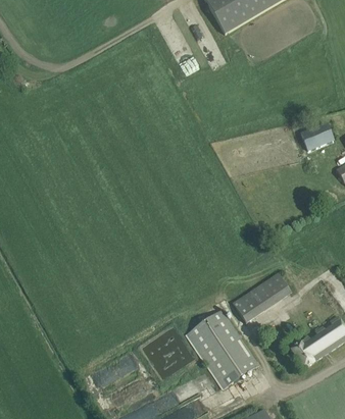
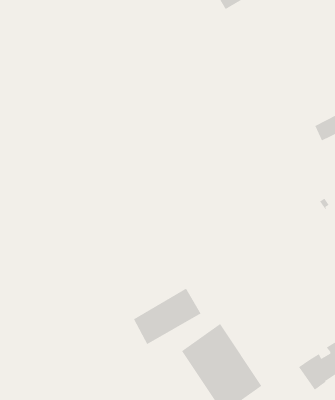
building: [233,272,293,322] -> [133,288,201,345]

